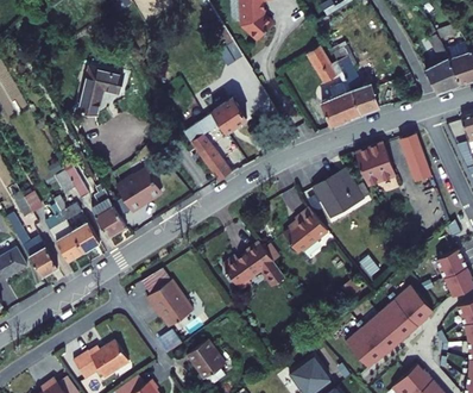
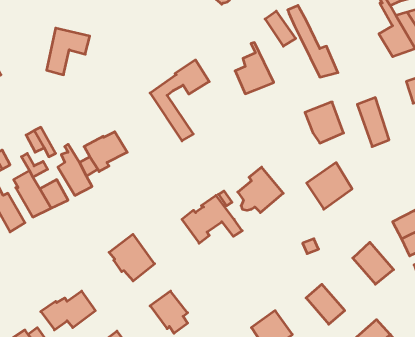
building: [321,71,361,125] -> [235,43,274,94]
building: [308,167,355,216] -> [307,163,352,209]
building: [364,302,420,357] -> none

